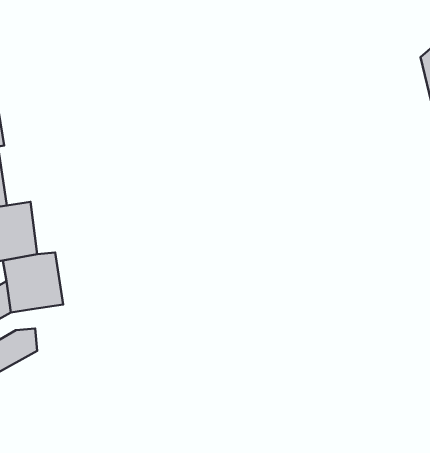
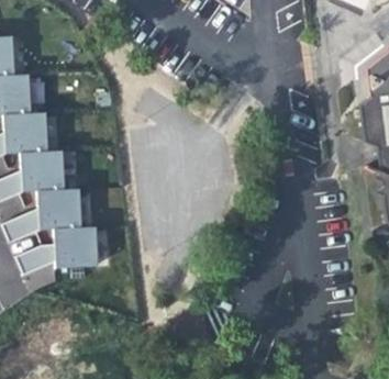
building: none -> [60,228,101,269]

